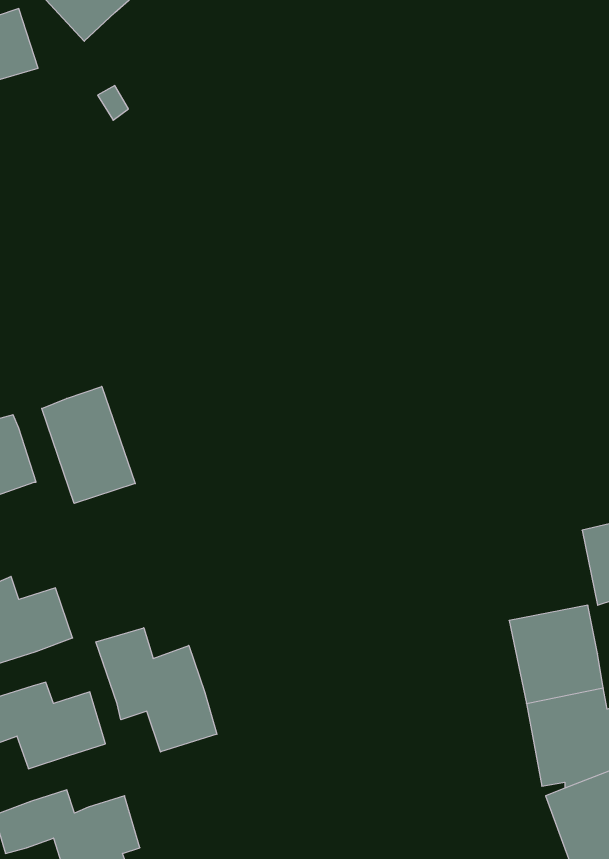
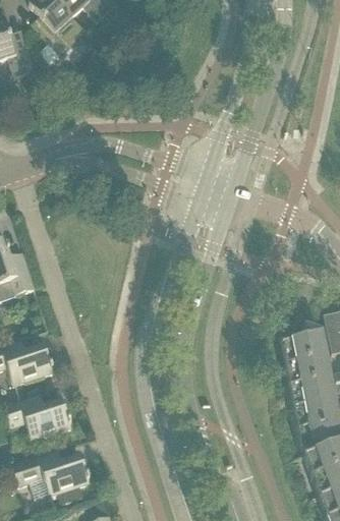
building: [42,386,135,503] -> none
building: none -> [279,326,325,362]
building: [96,628,217,752] -> none

